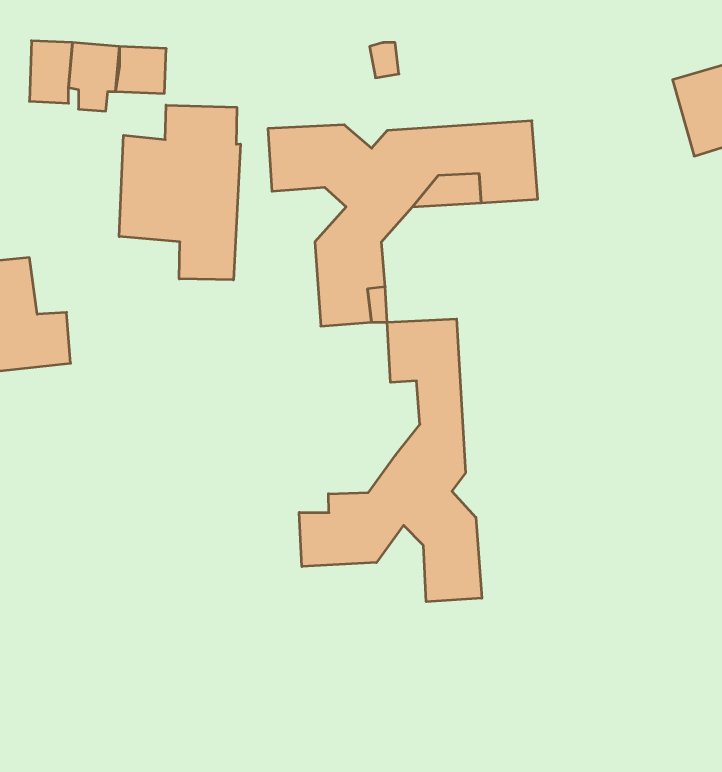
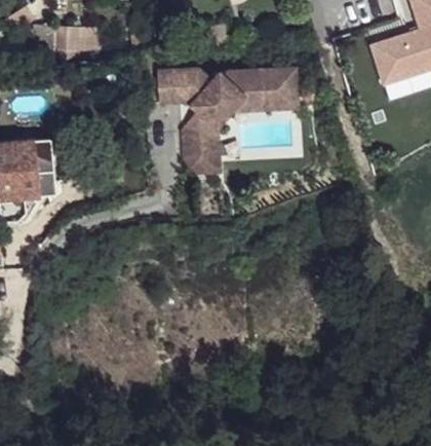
building: [119,105,240,280] -> none
building: [299,319,482,602] -> none

